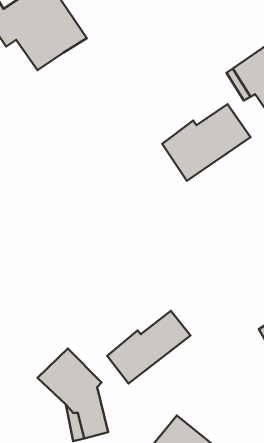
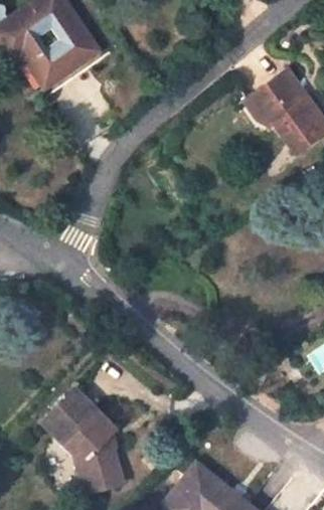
building: [162,104,251,181] -> none
building: [107,311,191,384] -> none

